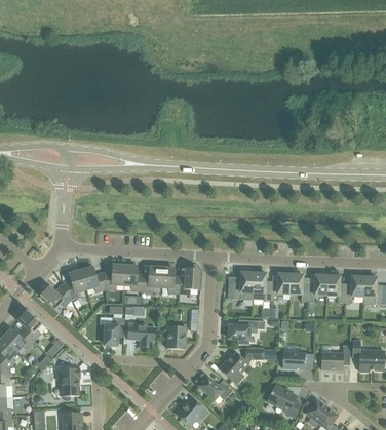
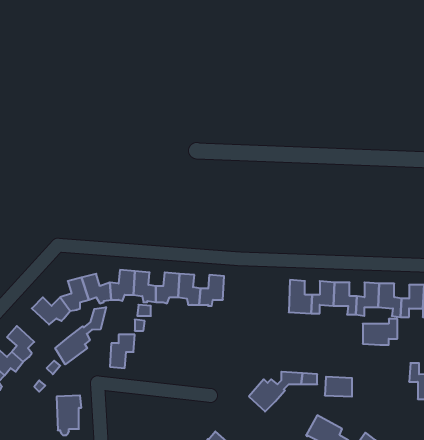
building: [227,271,253,298] -> none
building: none -> [55,307,106,364]
building: [228,318,264,343] -> none
building: [126,322,154,346] -> none
building: [166,324,185,348] -> none
building: [320,347,349,368] -> [363,319,397,345]
building: [198,376,231,398] -> none

